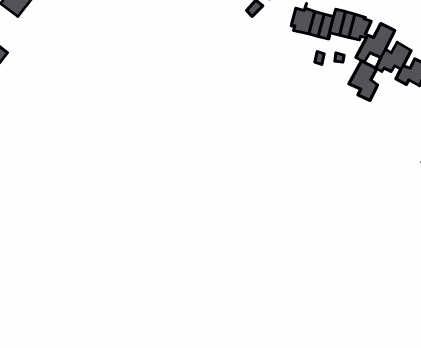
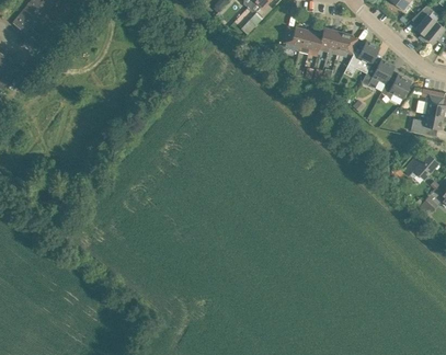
building: [349,61,377,100] -> none

